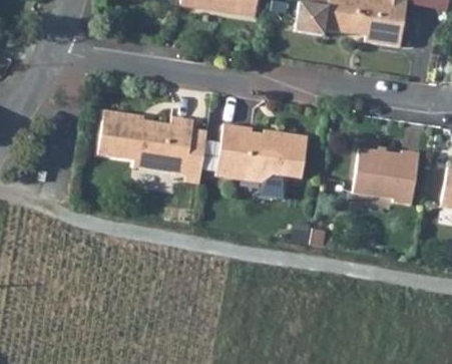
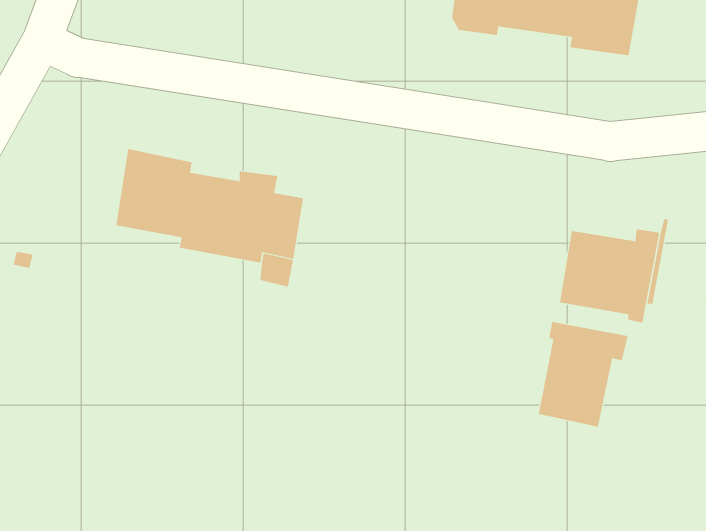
building: [219,125,308,184] -> none
building: none -> [538,321,628,428]

